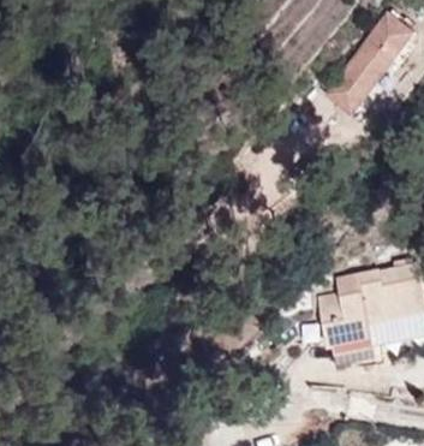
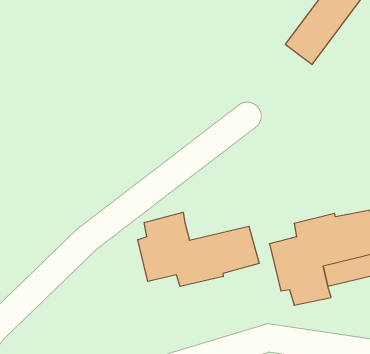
building: none -> [138,212,259,286]

